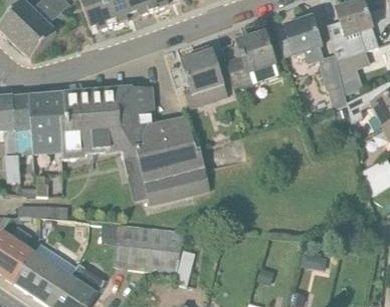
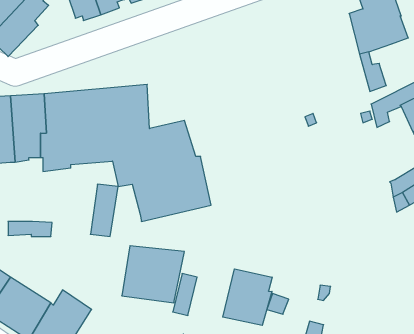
building: [283,16,340,87] -> none
building: [220,32,278,87] -> none
building: [179,46,226,107] -> none
building: [113,222,137,267] -> [90,184,118,236]
building: none -> [223,269,272,325]

